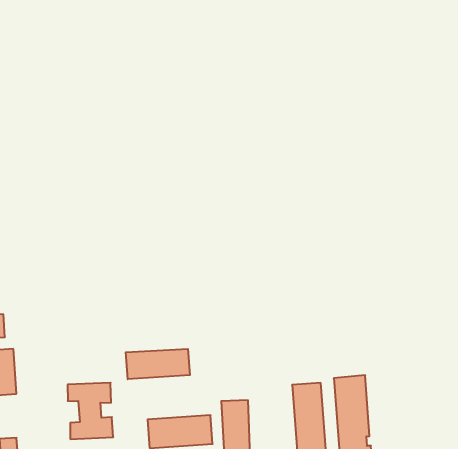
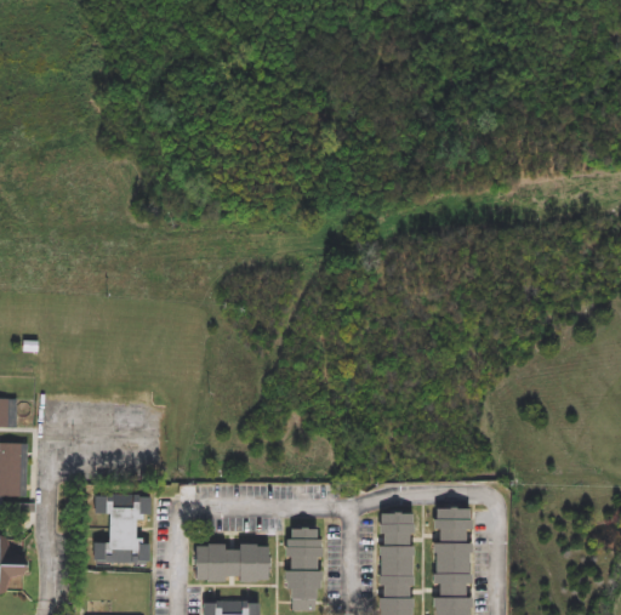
building: [126,349,190,379] -> none

